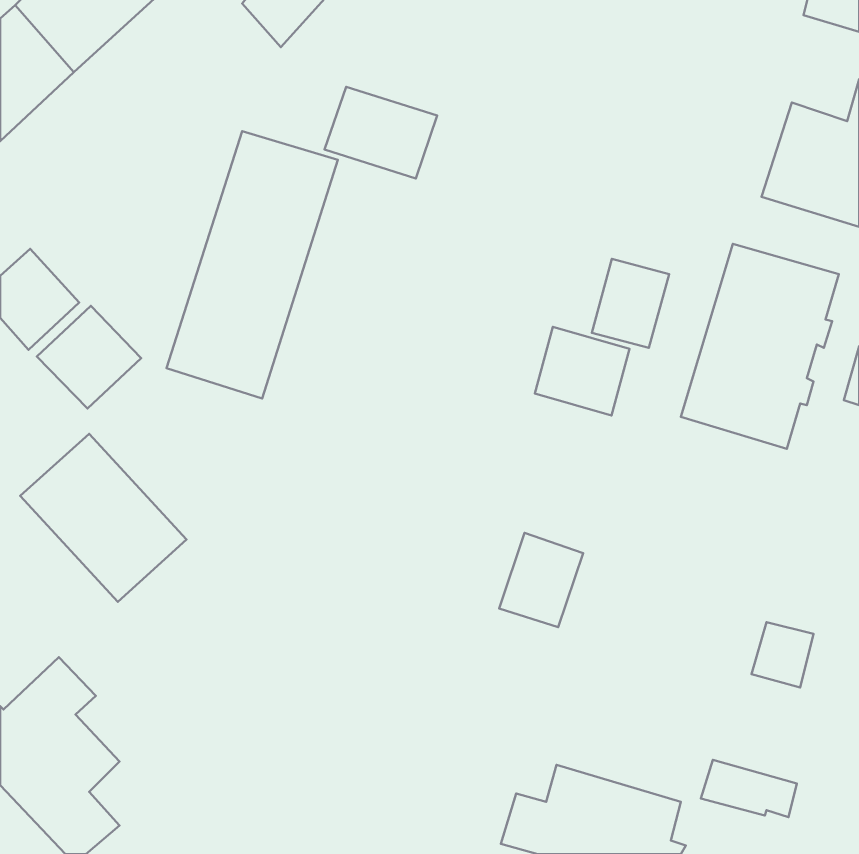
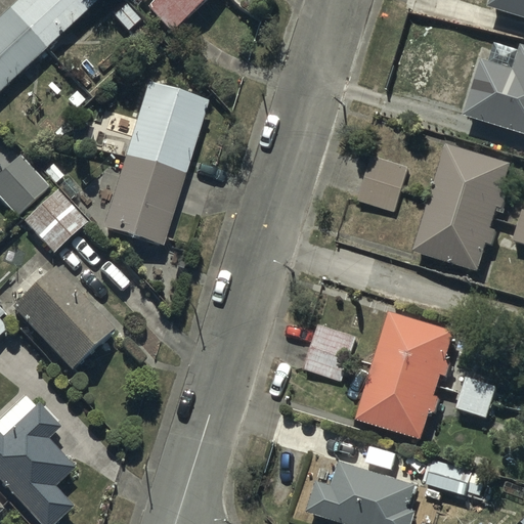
building: [325,87,437,178] -> none
building: [535,327,630,416] -> none
building: none -> [356,313,455,441]

